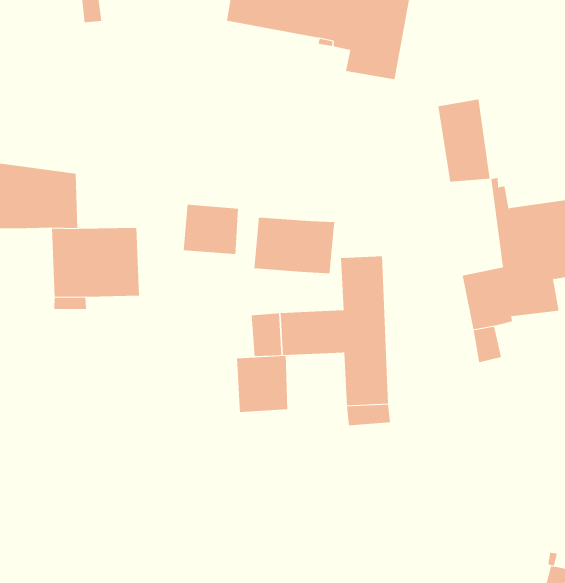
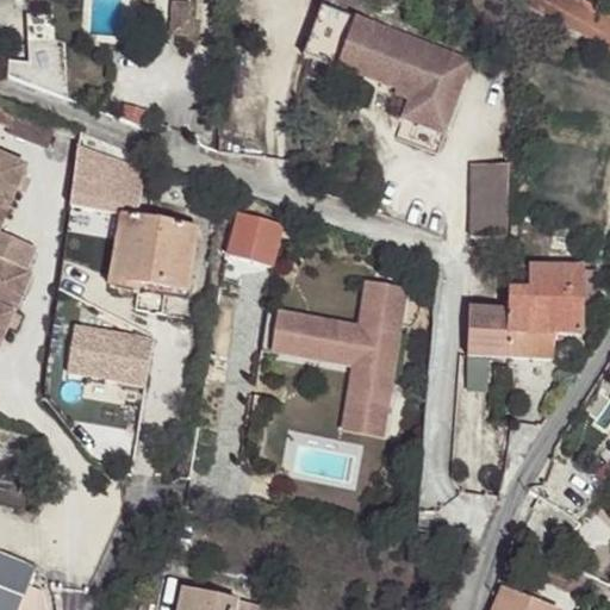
building: [254,217,335,274] -> none
building: [236,355,288,413] -> none
building: none -> [66,328,149,386]

